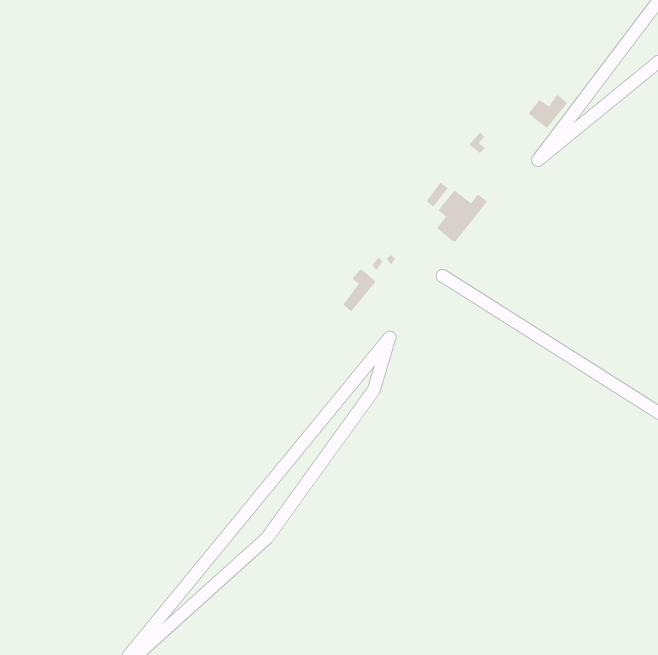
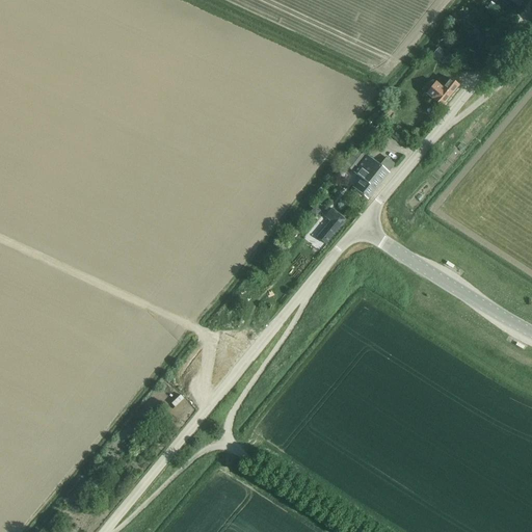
building: [342,268,376,312] -> [317,206,344,241]

